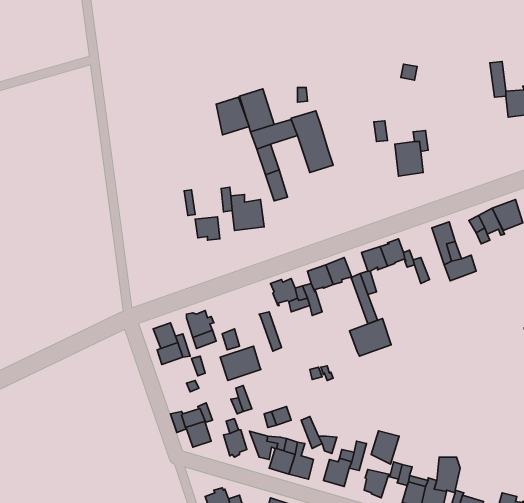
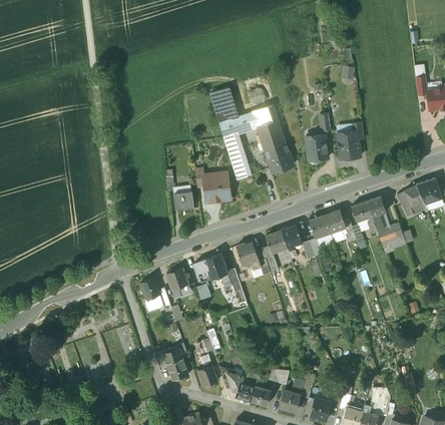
building: [216,97,249,135] -> none
building: none -> [306,134,328,163]
building: none -> [267,149,293,171]
building: none -> [351,200,377,233]
building: [350,319,391,356] -> none
building: [220,346,261,381] -> [194,254,228,282]
building: [371,431,399,464] -> none

